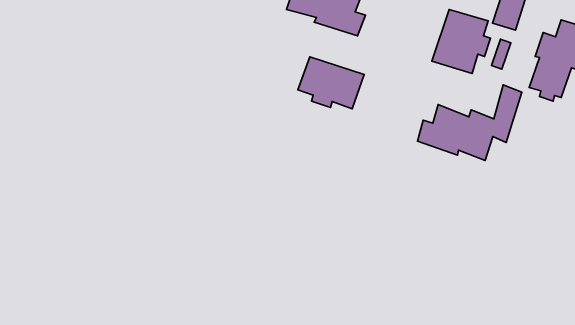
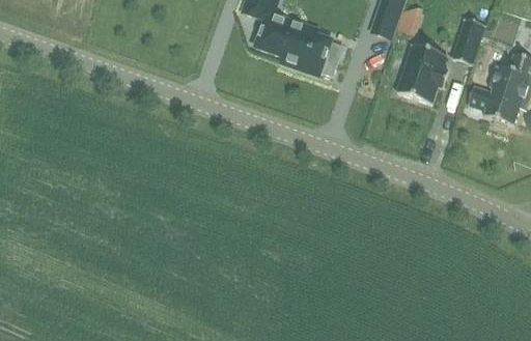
building: [298,57,364,109] -> none
building: [417,85,522,161] -> none

